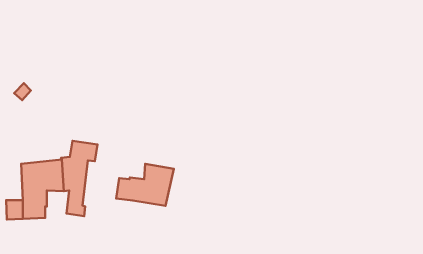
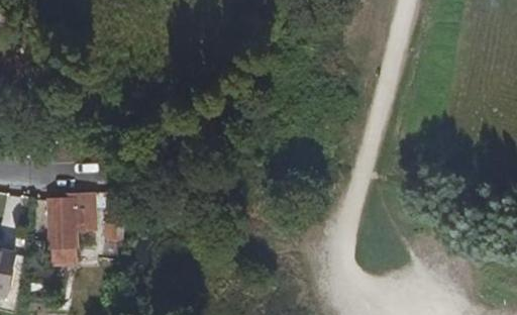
building: [116,164,174,206] -> none

